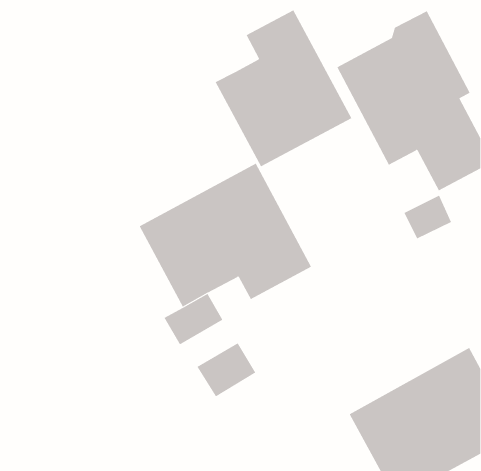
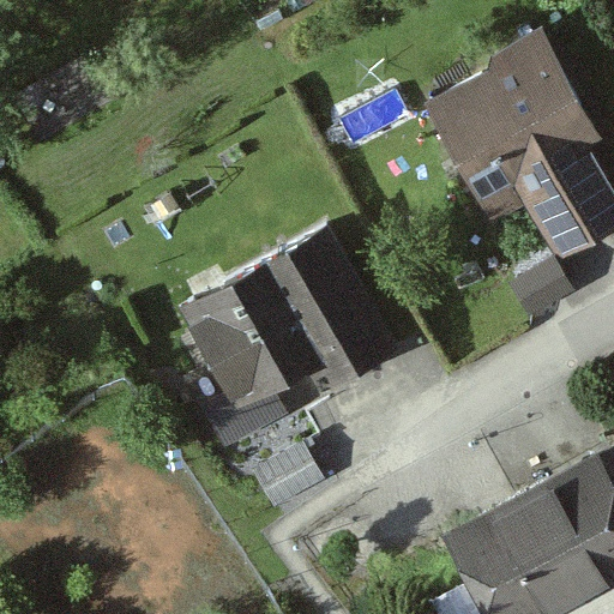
building: [215,9,352,167] -> none

